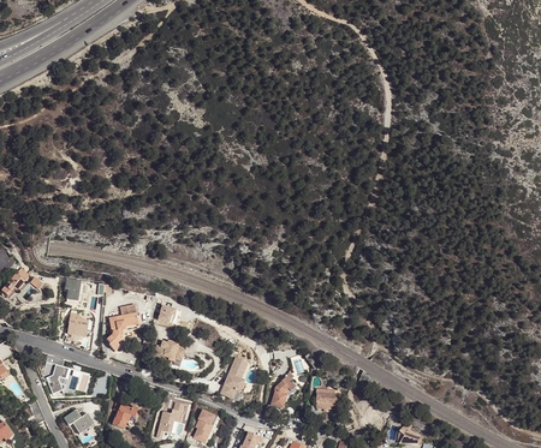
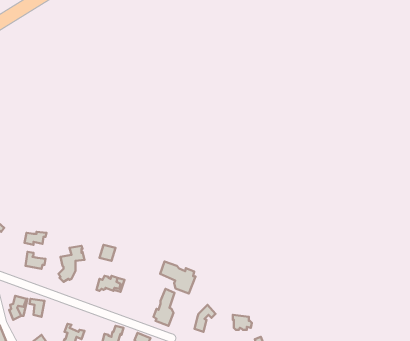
building: none -> [160,262,195,294]

